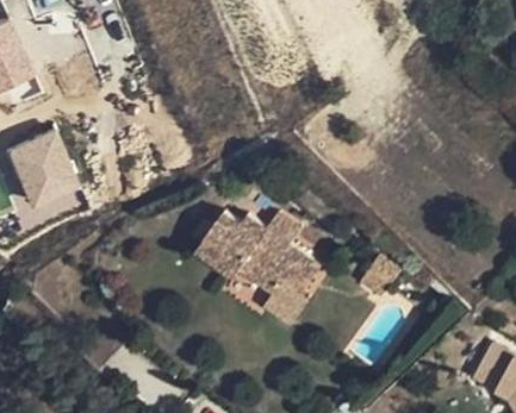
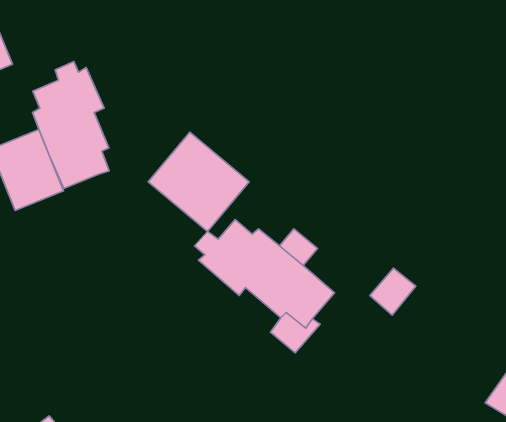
building: none -> [32,62,109,189]
building: none -> [148,132,249,231]

